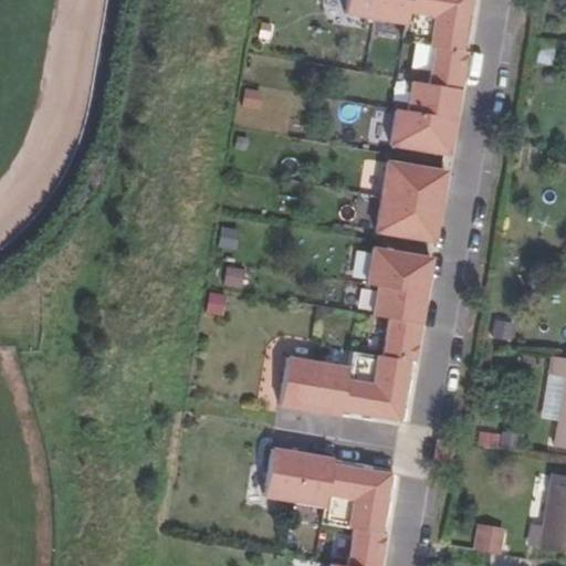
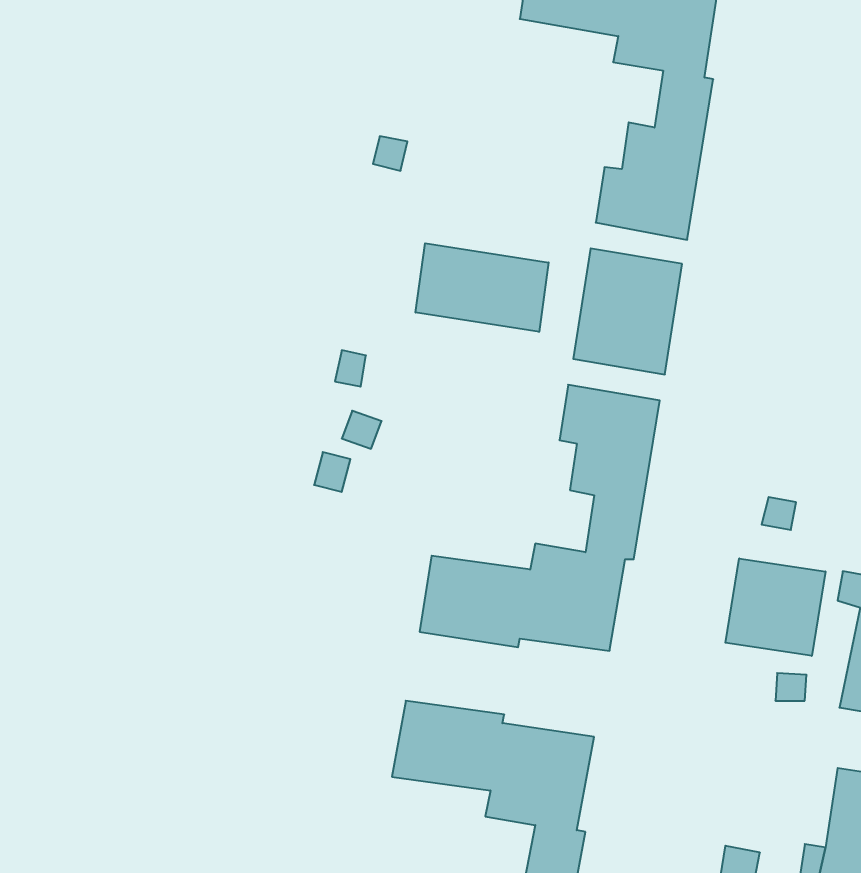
building: none -> [416,243,549,332]
building: none -> [725,558,825,656]

